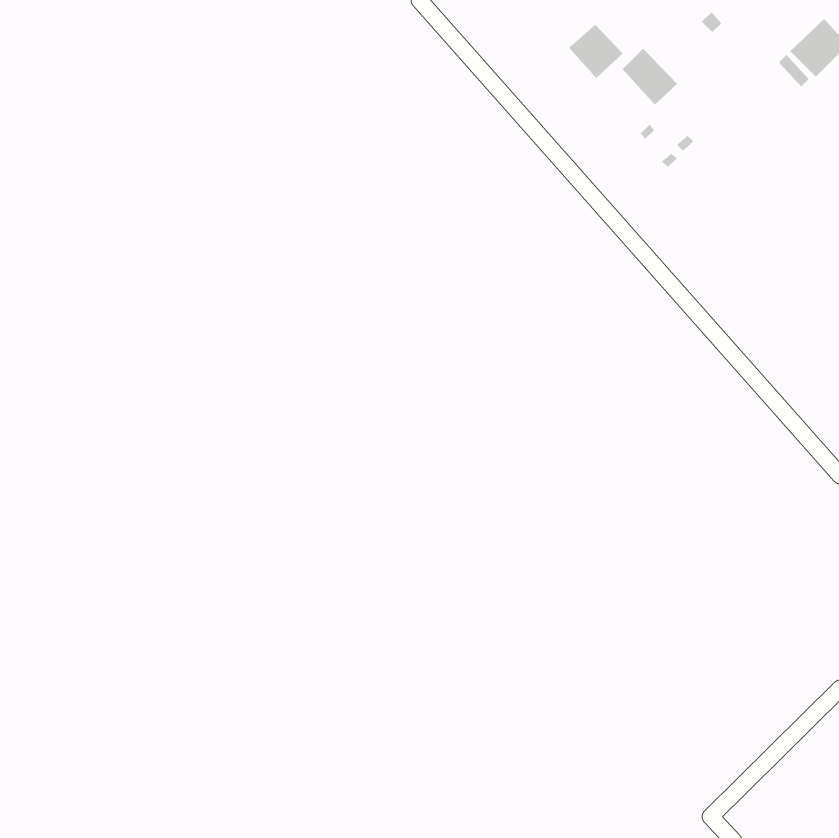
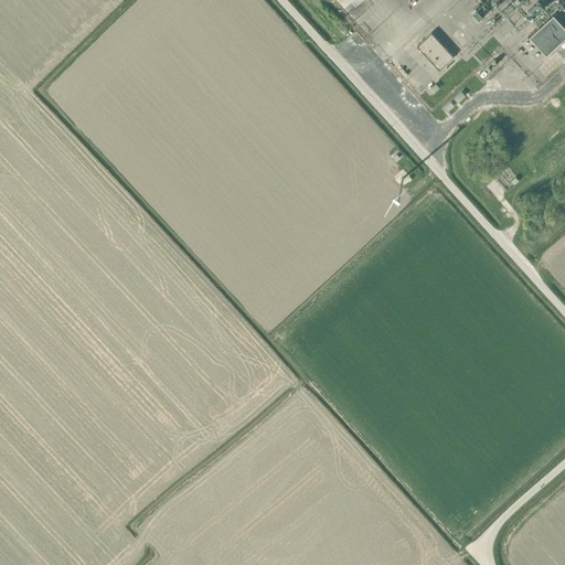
building: [568,24,623,79] -> none

